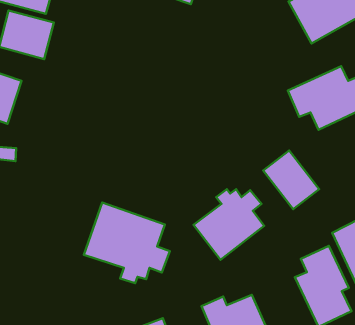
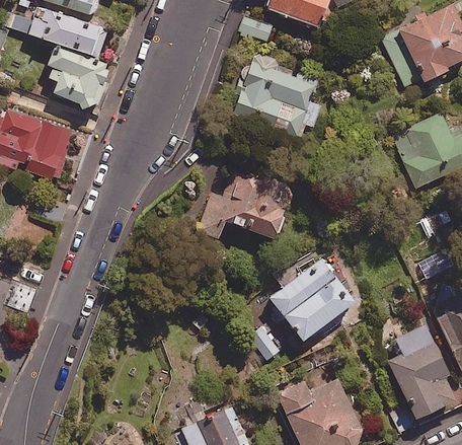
building: none -> [235,55,319,135]
building: none -> [199,168,291,240]
building: [263,151,319,209] -> none
building: [84,202,170,283] -> none

